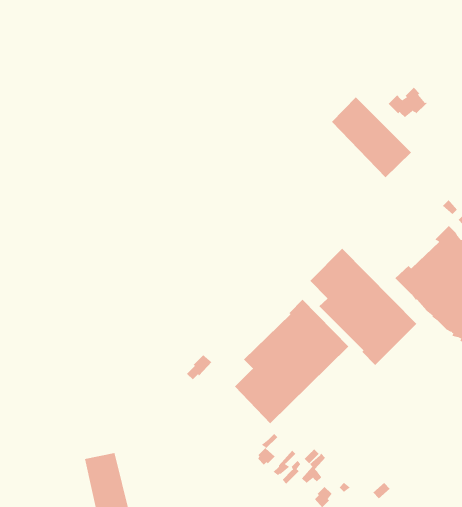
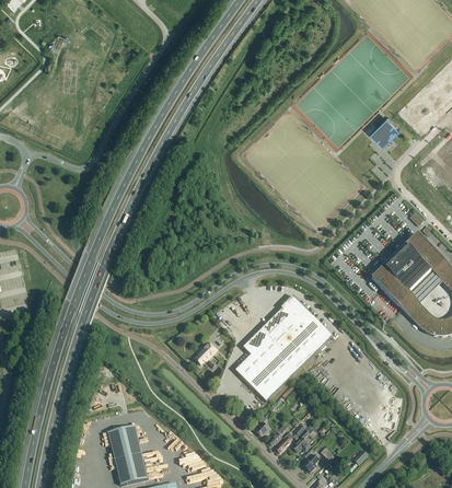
building: [331,96,412,178] -> none
building: [310,248,417,366] -> none

